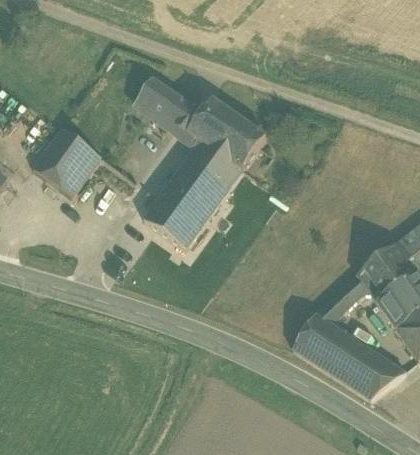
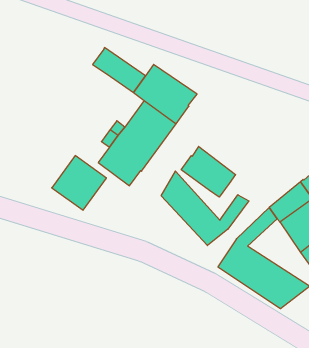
building: [34,126,102,194] -> [52,156,106,210]
building: none -> [181,146,236,197]
building: none -> [161,171,249,246]

